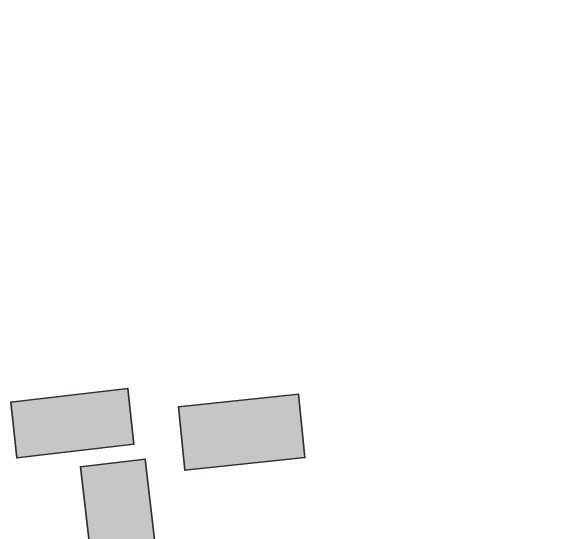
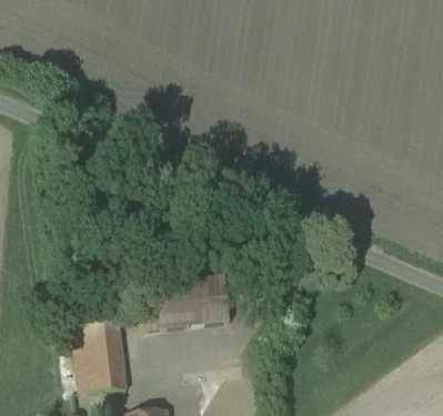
building: [11,389,134,458] -> none

